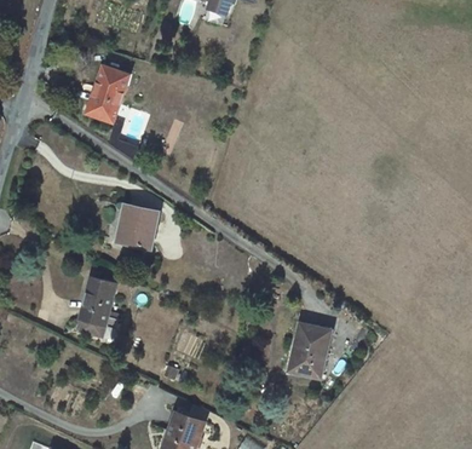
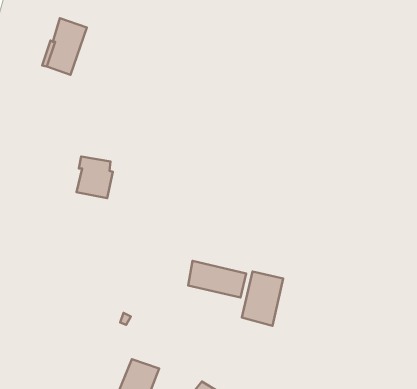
building: [80,276,121,336] -> none
building: none -> [188,261,246,297]

